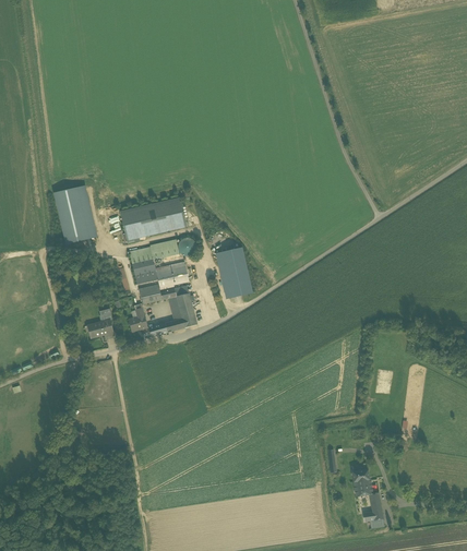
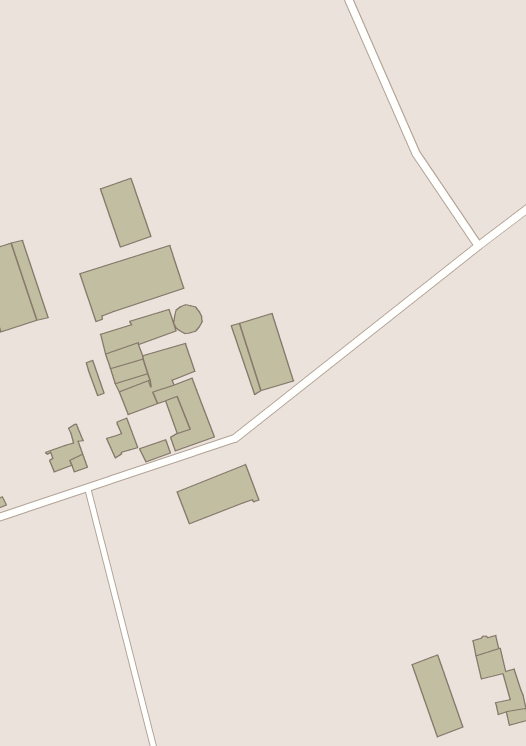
building: none -> [101,178,151,247]
building: none -> [177,464,259,524]
building: none -> [412,655,463,737]

